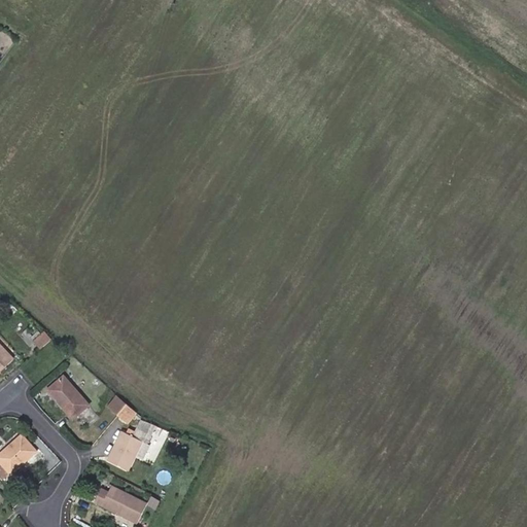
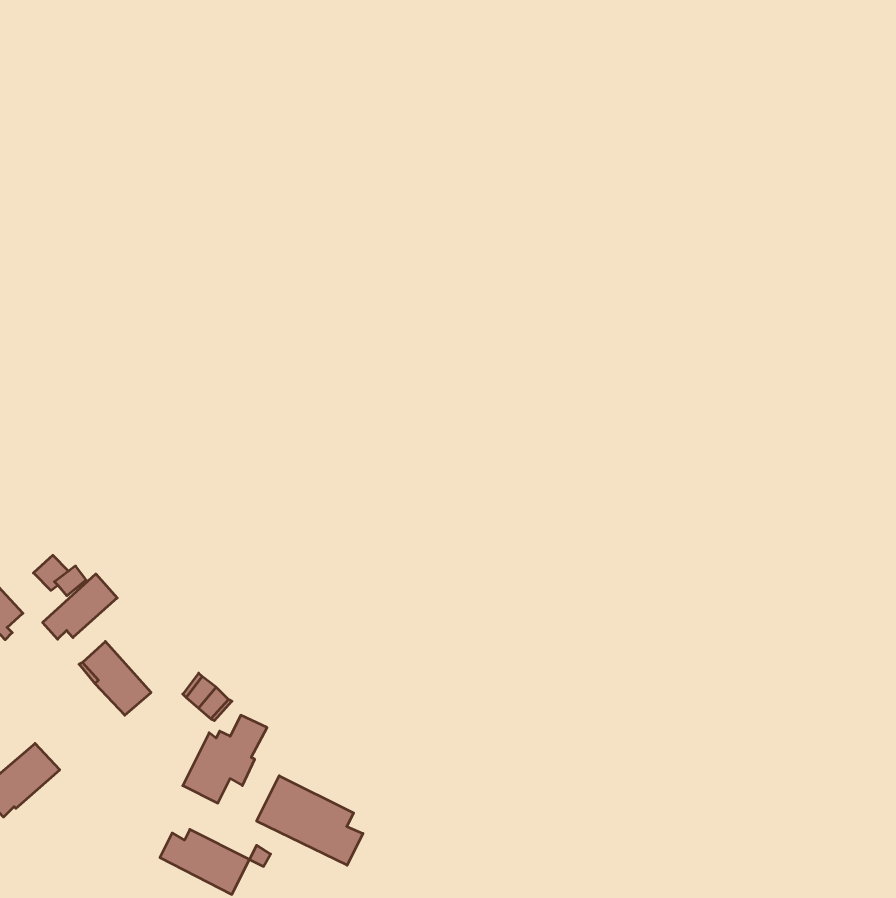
building: none -> [43,574,117,639]
building: none -> [257,776,363,865]

